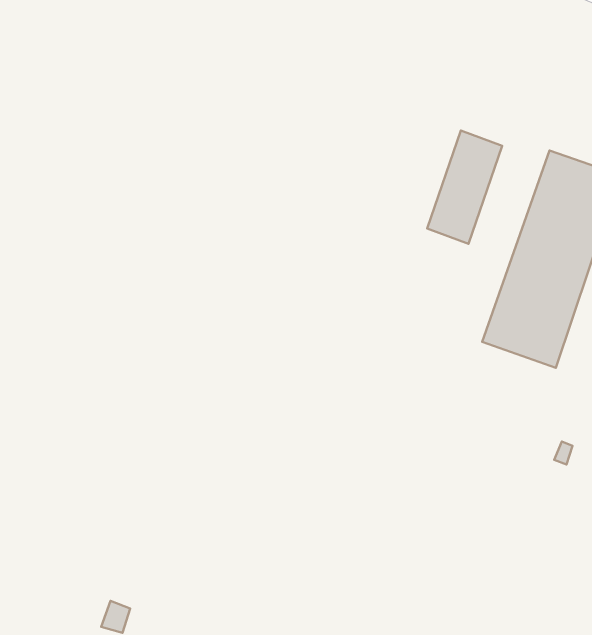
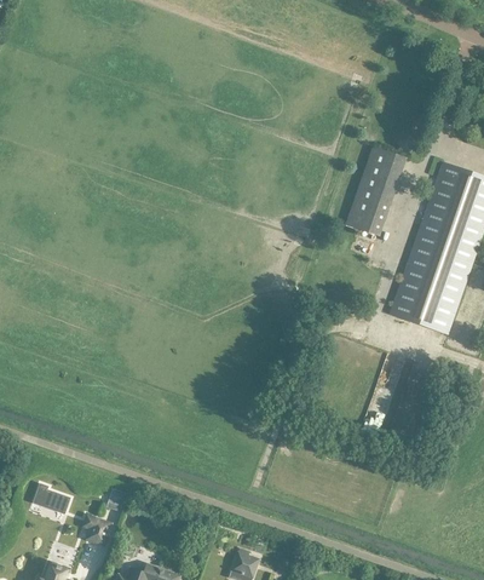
building: none -> [30,482,67,512]

